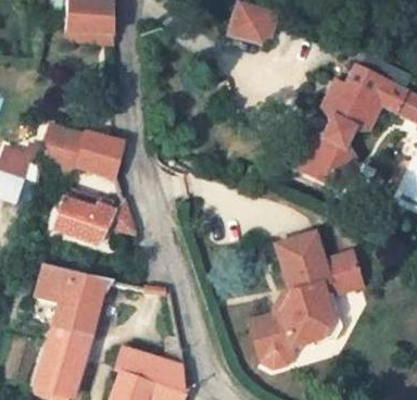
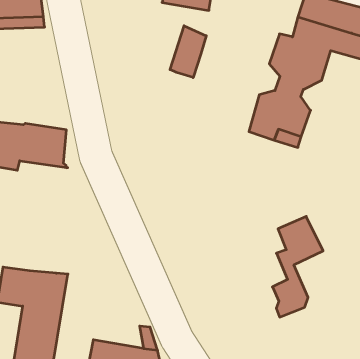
building: none -> [170,26,206,78]
building: [53,191,136,243] -> none
building: [238,234,317,364] -> none

